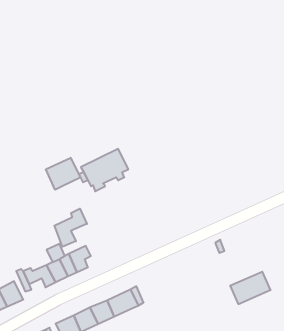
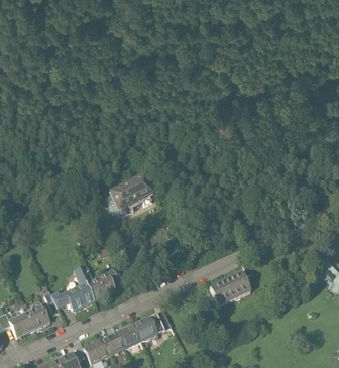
building: [46,158,81,190] -> none
building: [54,209,87,247] -> none
building: [230,272,271,304] -> [210,273,250,305]

